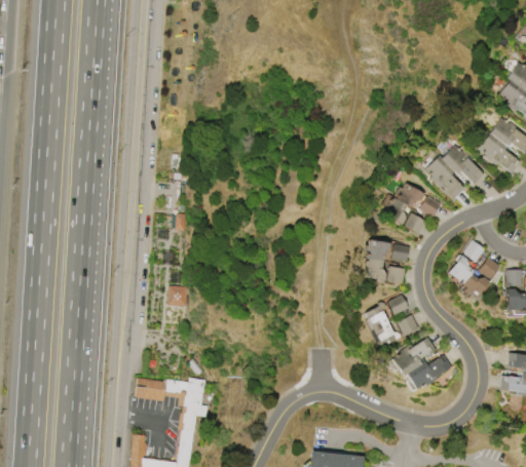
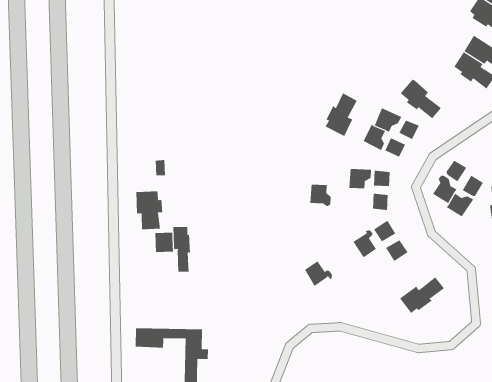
building: [442,145,485,185] -> none
building: none -> [325,93,358,137]
building: none -> [136,191,163,230]
building: [363,259,385,282] -> [309,184,332,206]
building: none -> [173,226,191,273]
building: [374,321,402,347] -> [304,260,333,287]
building: [392,337,436,376] -> none

